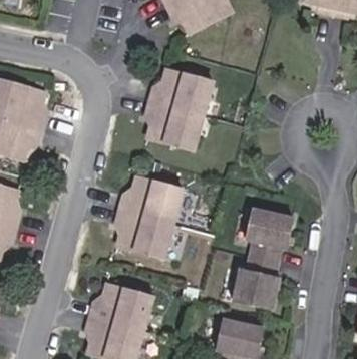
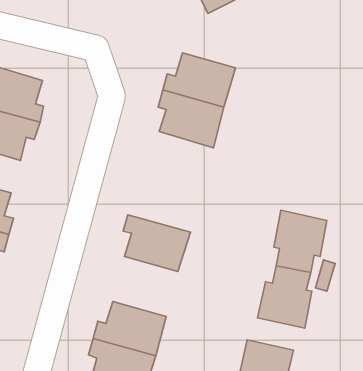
building: [119,174,183,223] -> none

